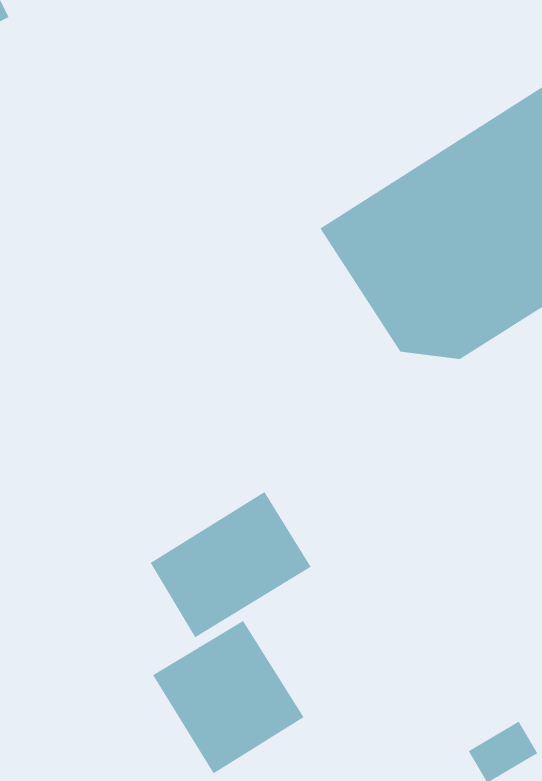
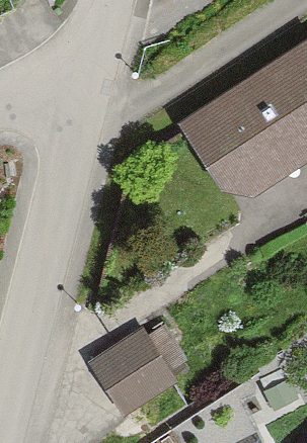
building: [150,491,311,638] -> none

